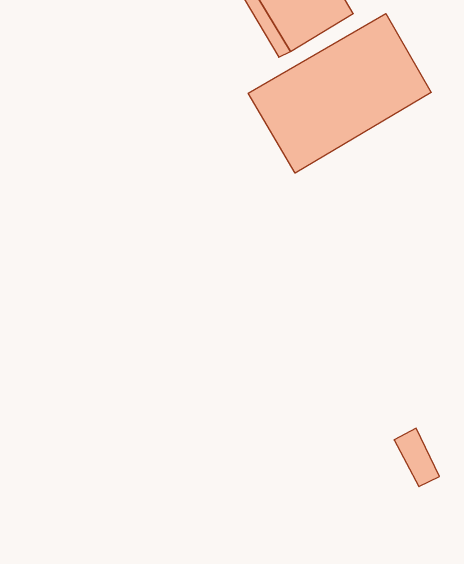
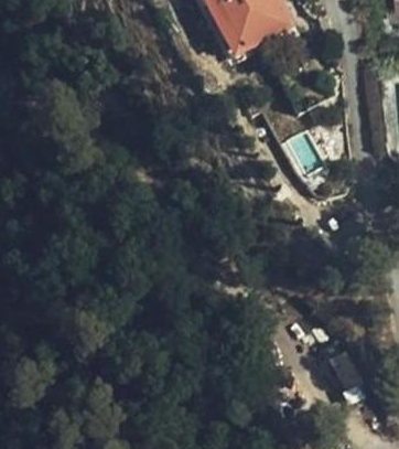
building: [248,14,431,173] -> none

